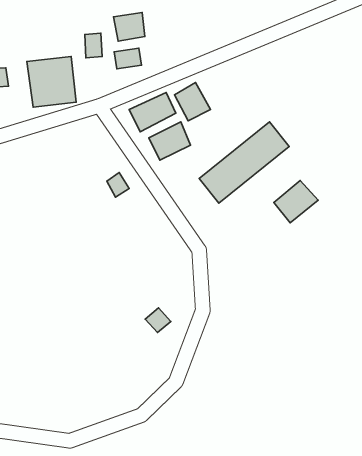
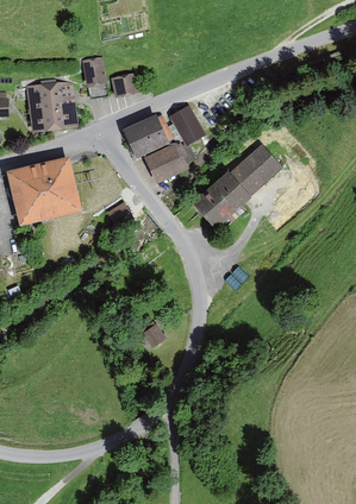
building: [114,13,145,41] -> none
building: none -> [8,169,77,225]
building: [274,180,318,223] -> none

